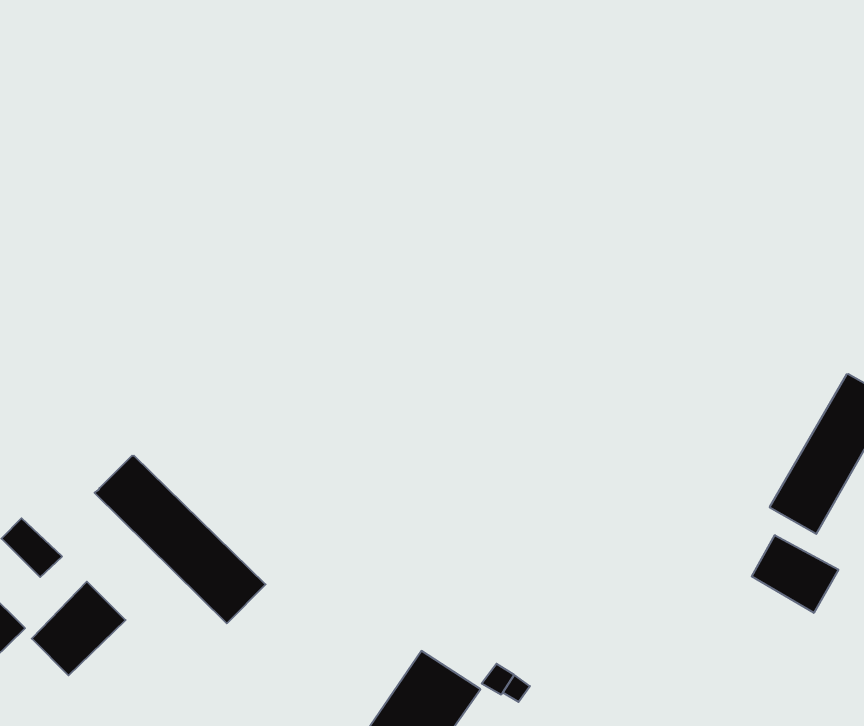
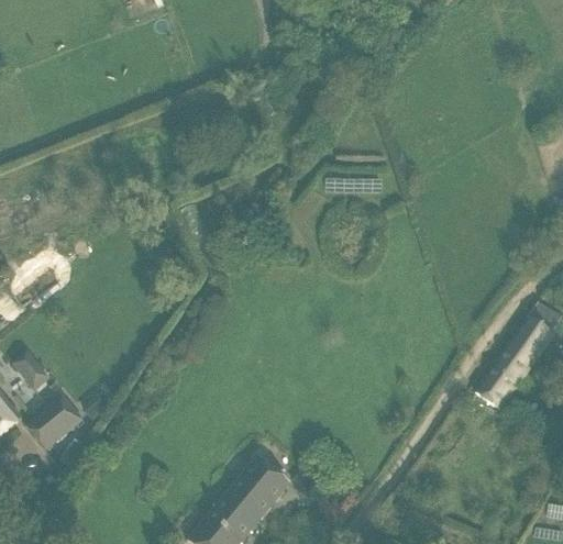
building: [95,456,266,623] -> none
building: [752,535,838,613] -> none

